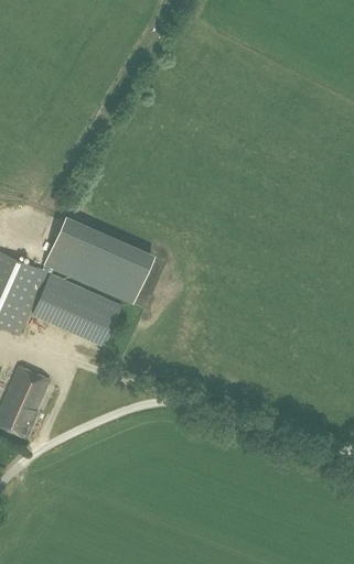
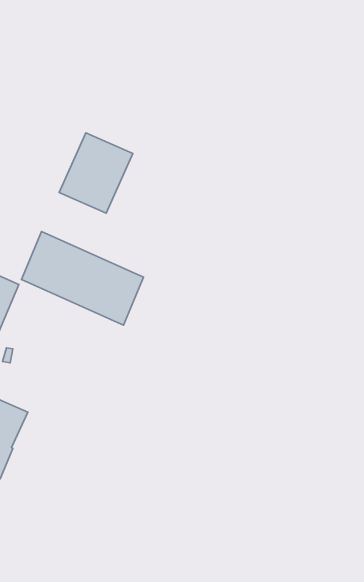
building: none -> [59,133,133,213]
building: [33,272,122,345] -> none

